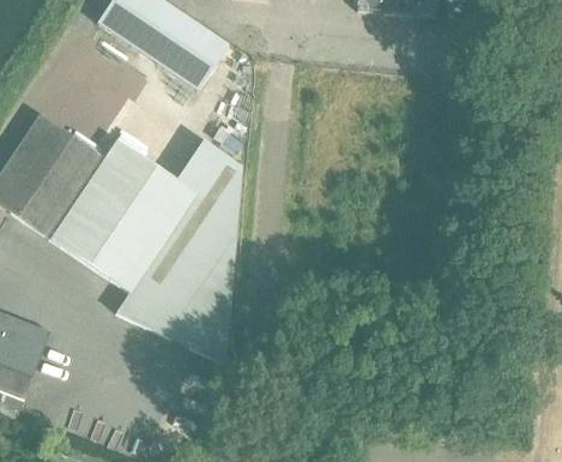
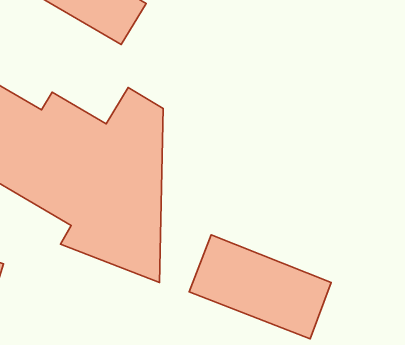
building: none -> [189,235,331,339]

